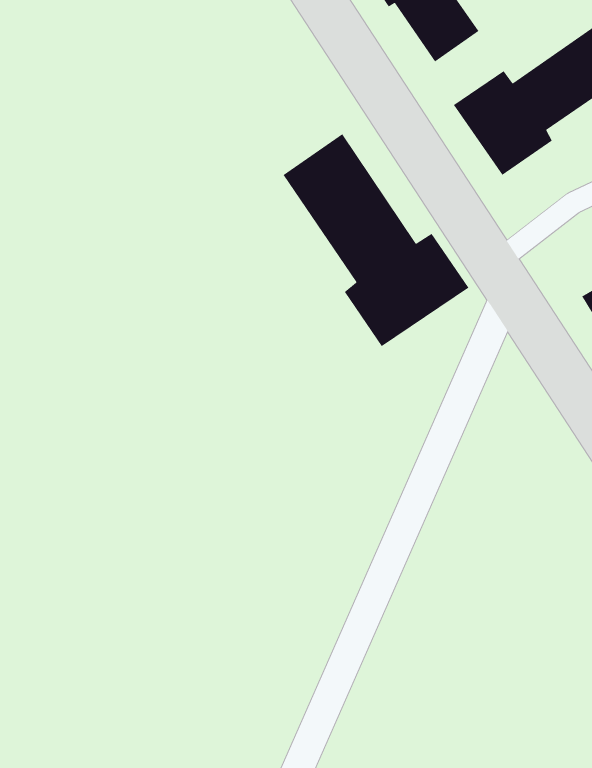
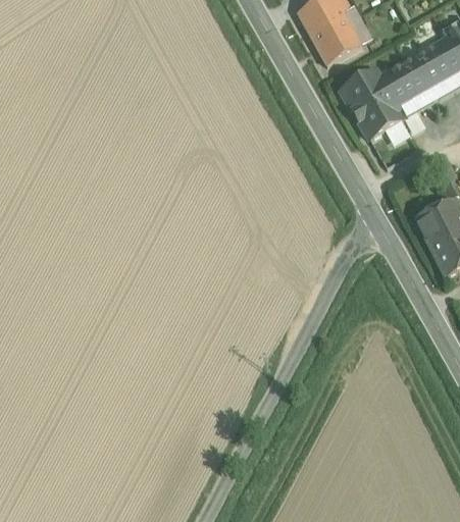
building: [283,133,470,347] -> none

